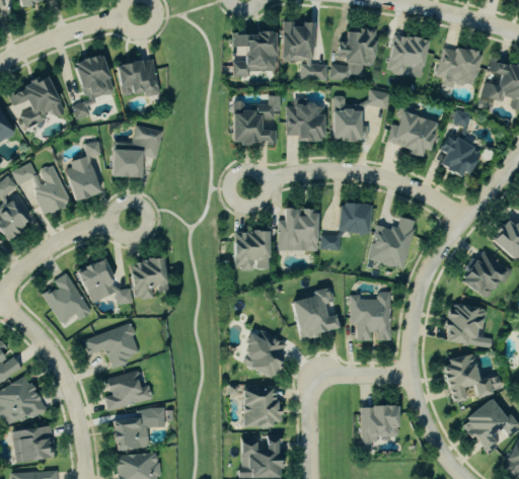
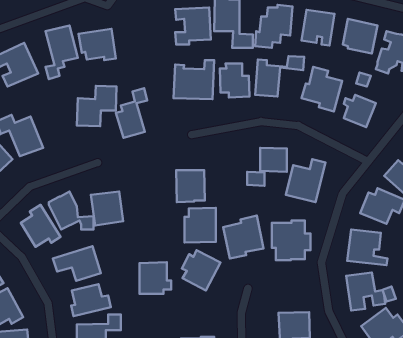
building: [65,140,103,201] -> [116,88,147,138]
building: [279,209,317,251] -> [185,208,216,243]
building: [243,389,282,427] -> [140,262,171,294]

